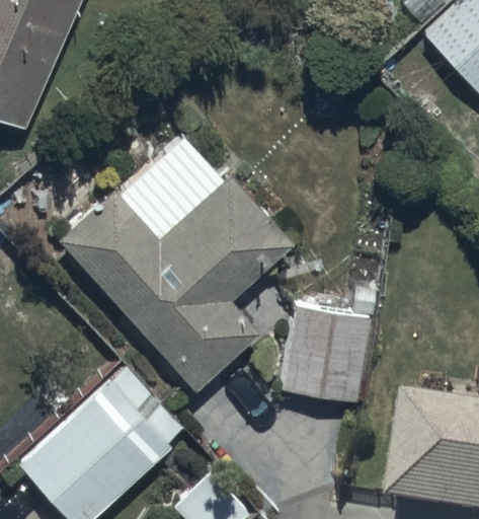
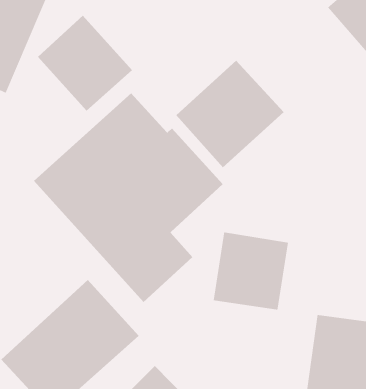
building: none -> [37,15,133,112]
building: none -> [176,60,284,168]

